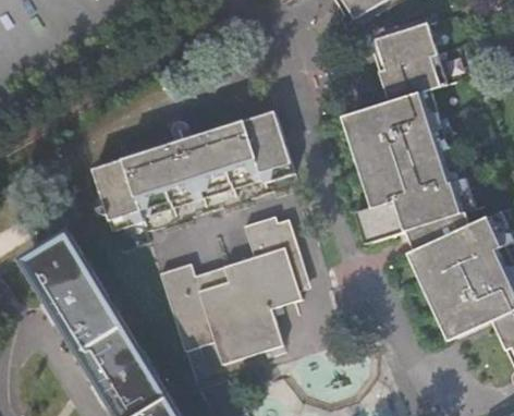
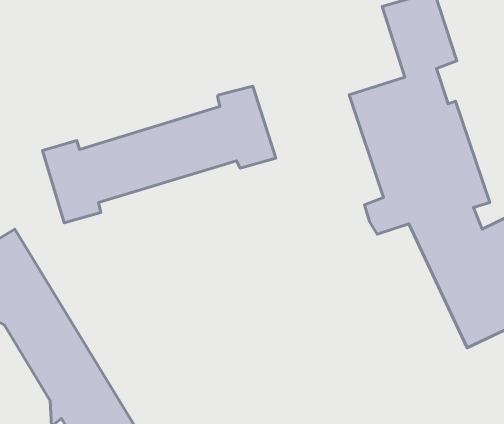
building: [155,210,301,362] -> none

